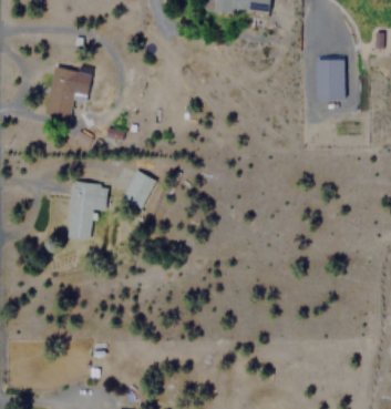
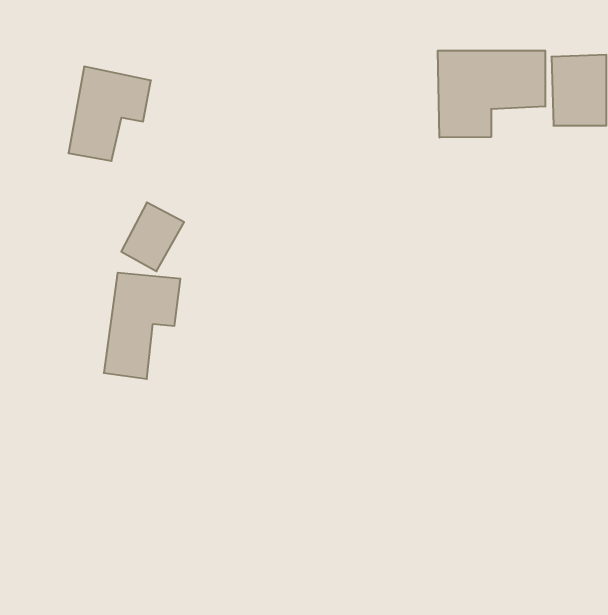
building: none -> [438,51,545,138]
building: [121,171,156,209] -> [121,202,184,271]

